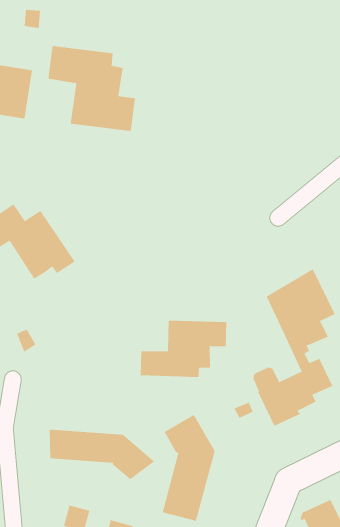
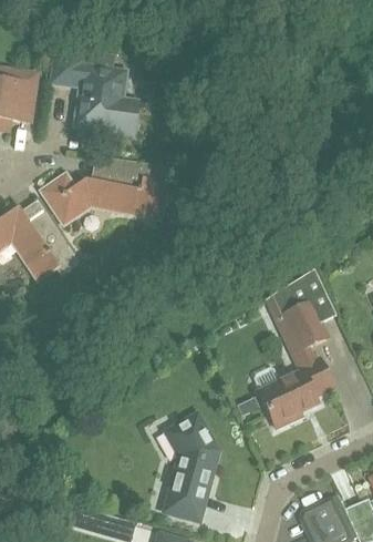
building: none -> [41,157,170,223]
building: [140,320,227,378] -> none
building: [49,429,155,480] -> none

